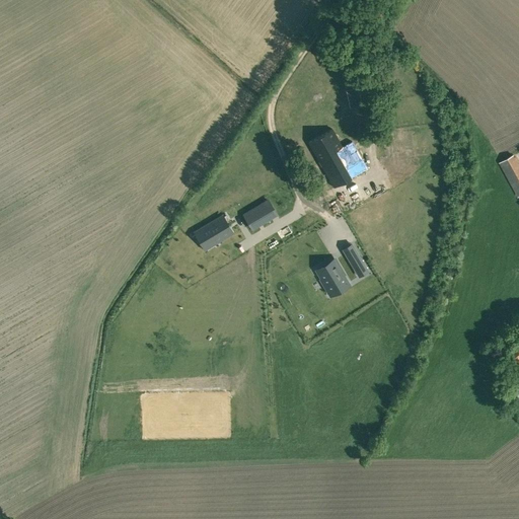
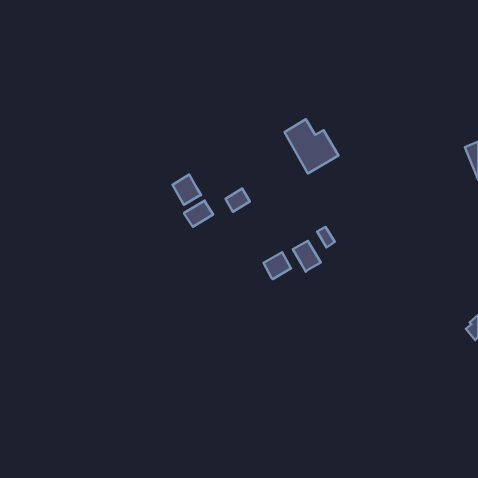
building: none -> [173,175,201,205]
building: none -> [264,252,291,279]

